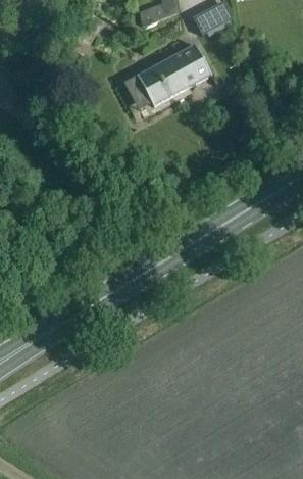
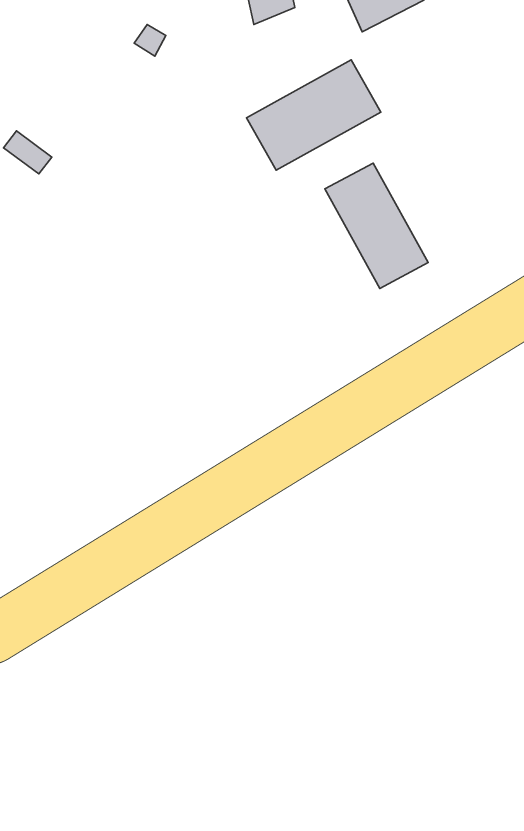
building: none -> [325,163,428,288]

